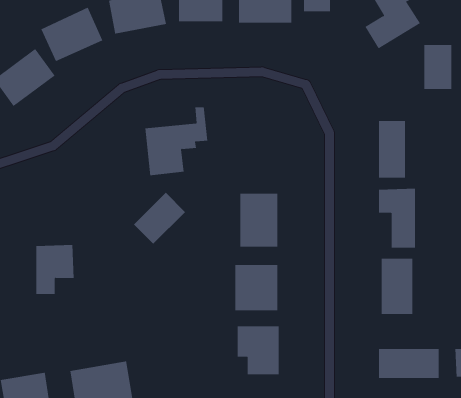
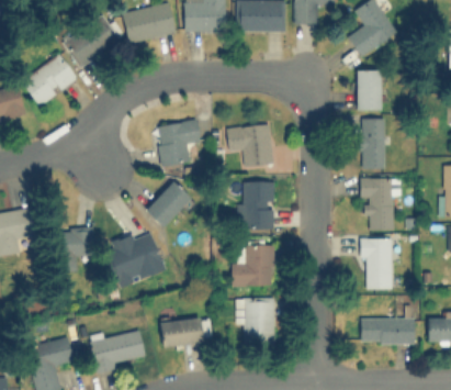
building: [423,44,452,89] -> [357,71,382,111]
building: none -> [227,125,272,167]
building: none -> [106,230,165,289]
building: none -> [160,319,203,347]

